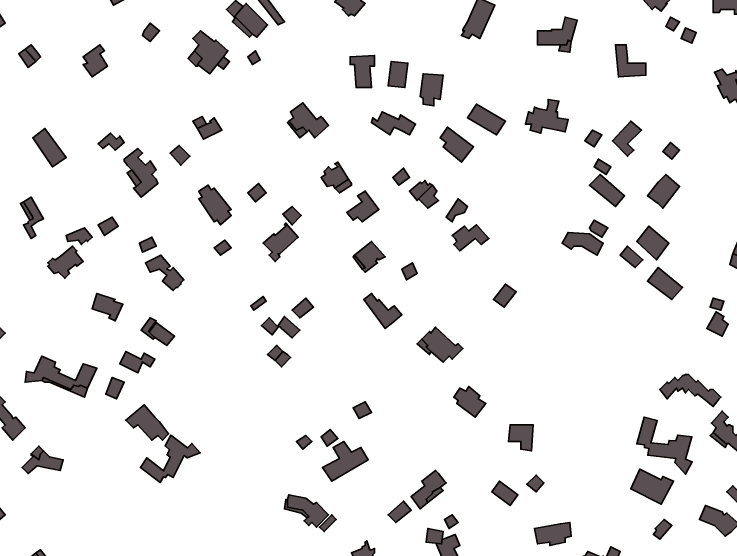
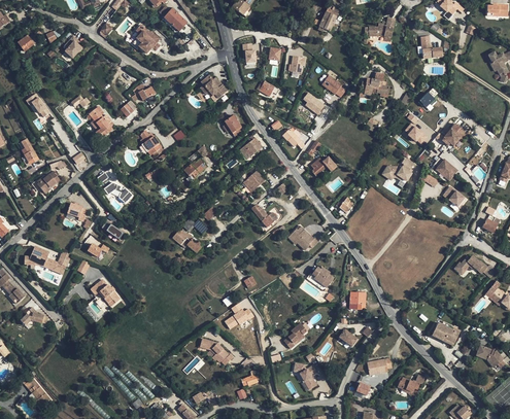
building: [637,417,692,474] -> none
building: [140,435,200,482] -> none

